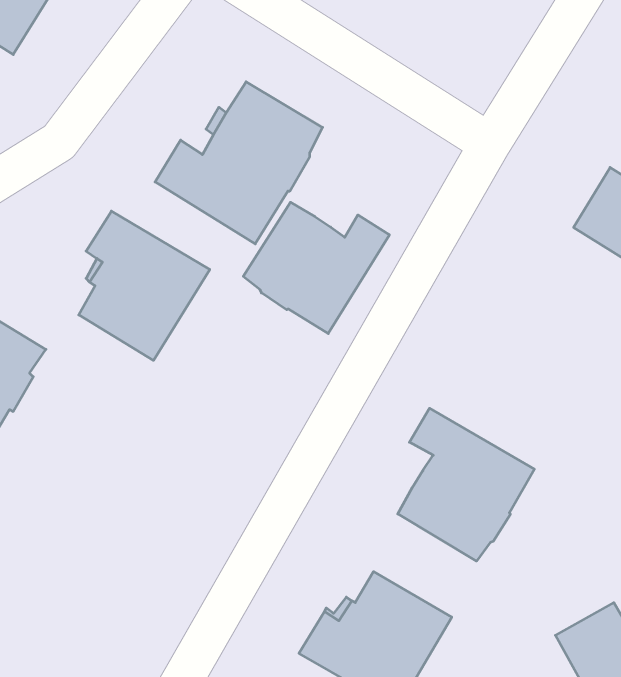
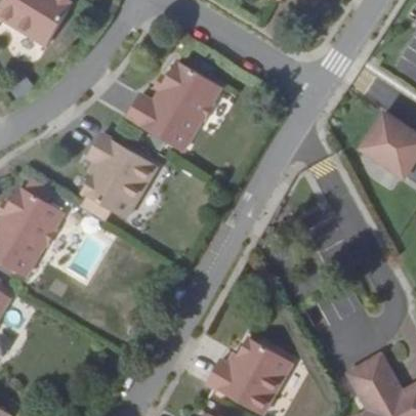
building: [243,202,389,334] -> none
building: [398,408,534,561] -> none

